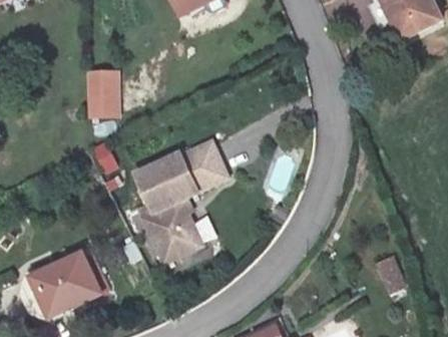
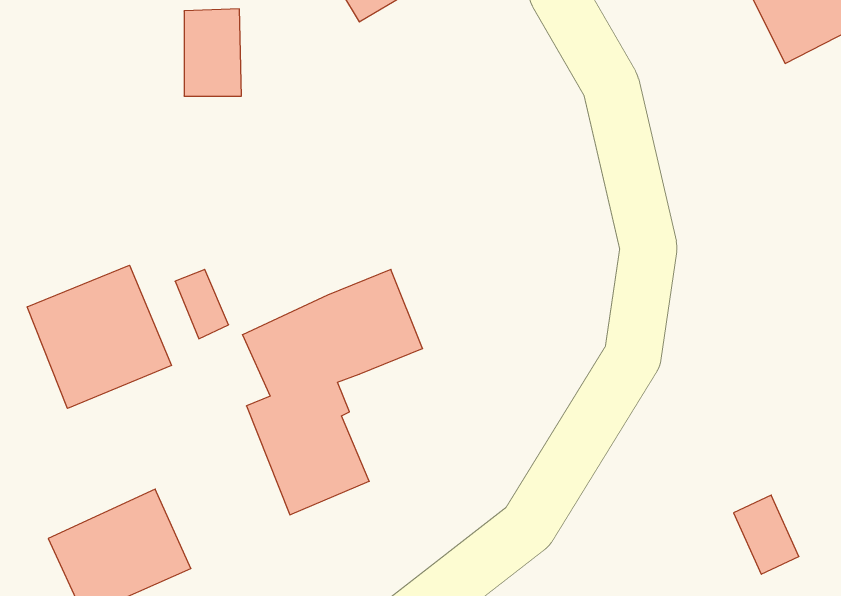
building: [90,69,119,113] -> [184,9,241,96]
building: none -> [27,265,172,408]

